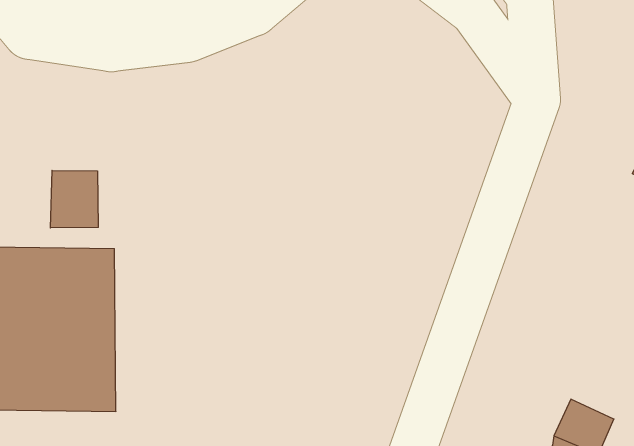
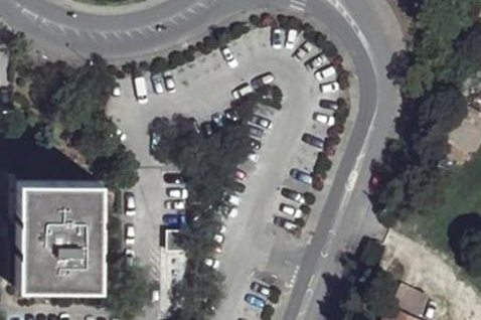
building: [50,170,98,228] -> none

